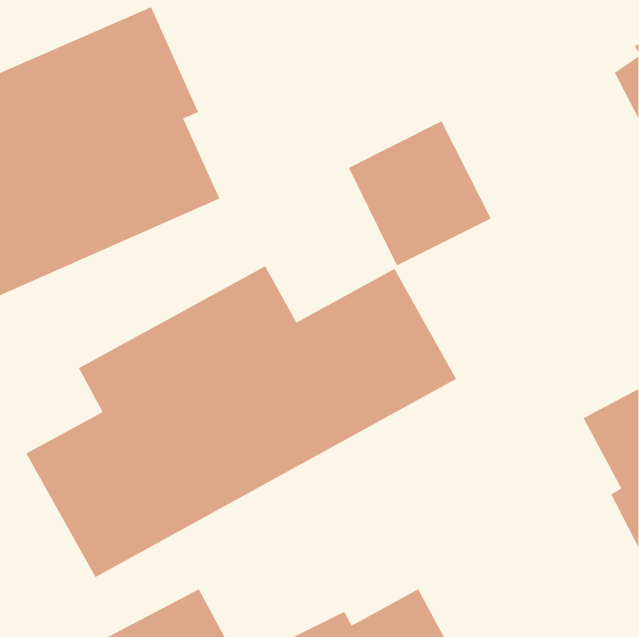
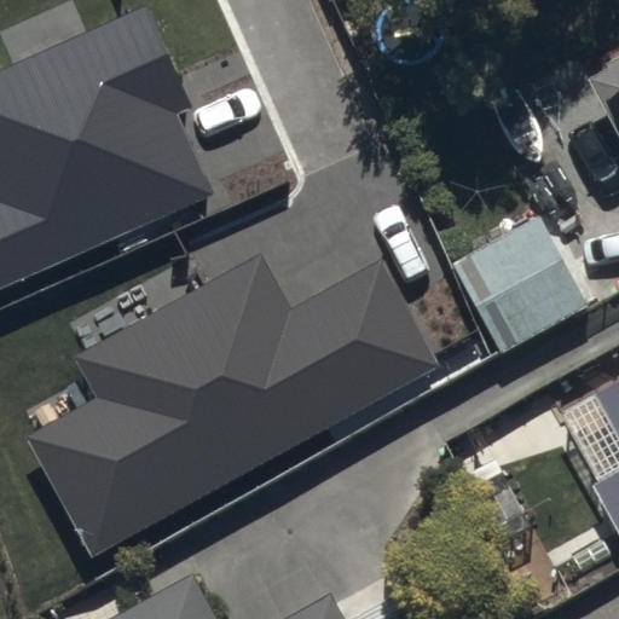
building: [348,120,492,266] -> [450,206,589,347]

